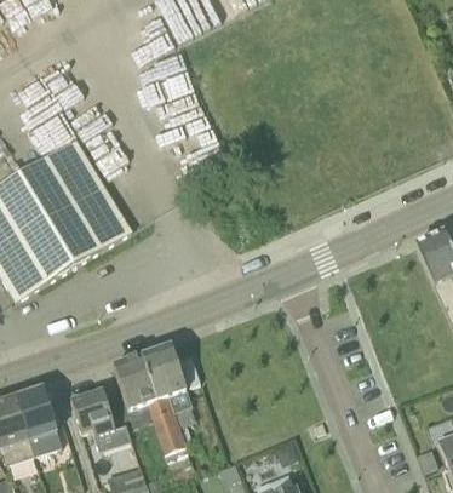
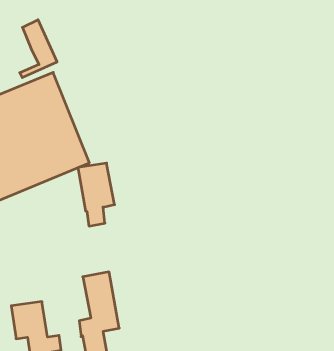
building: [113,354,159,425] -> [78,163,115,226]

